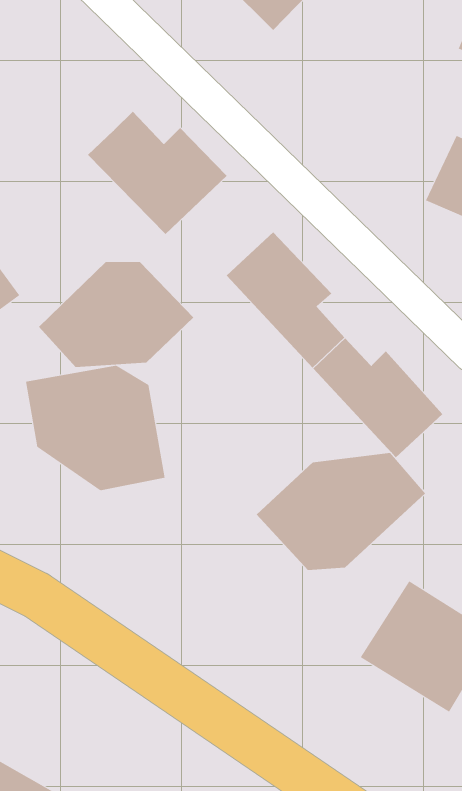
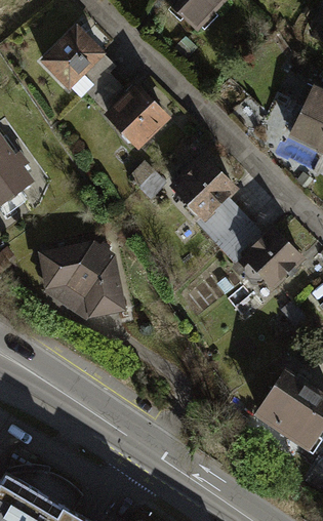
building: none -> [35,26,118,96]
building: [38,261,194,368] -> none
building: [256,452,426,571] -> none

